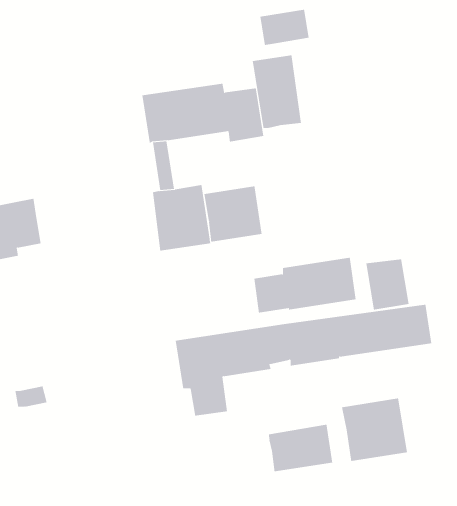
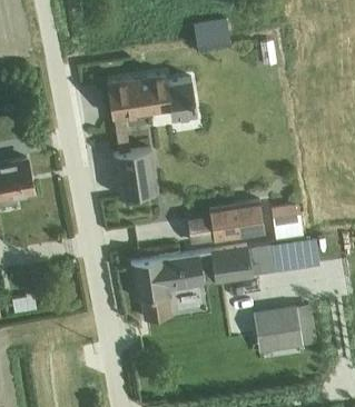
building: [252,55,302,129] -> none
building: [204,185,262,242] -> none
building: [268,424,333,472] -> none

